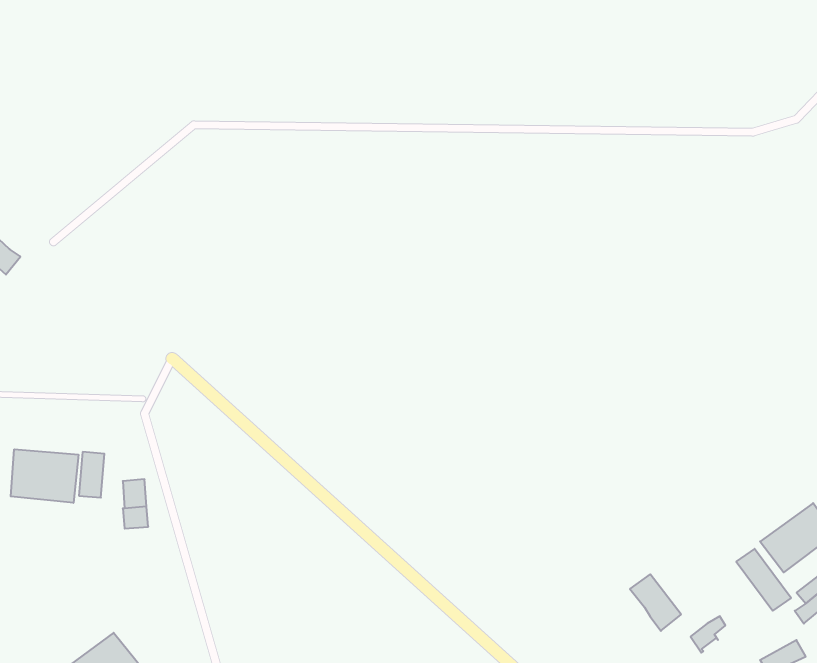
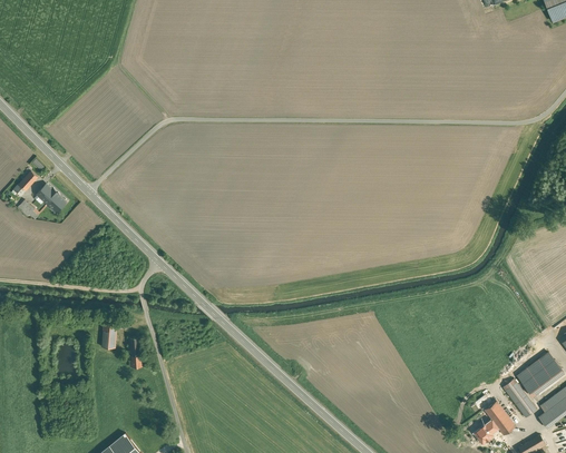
building: [11,449,78,503] -> none
building: [630,574,681,631] -> [484,402,515,436]

